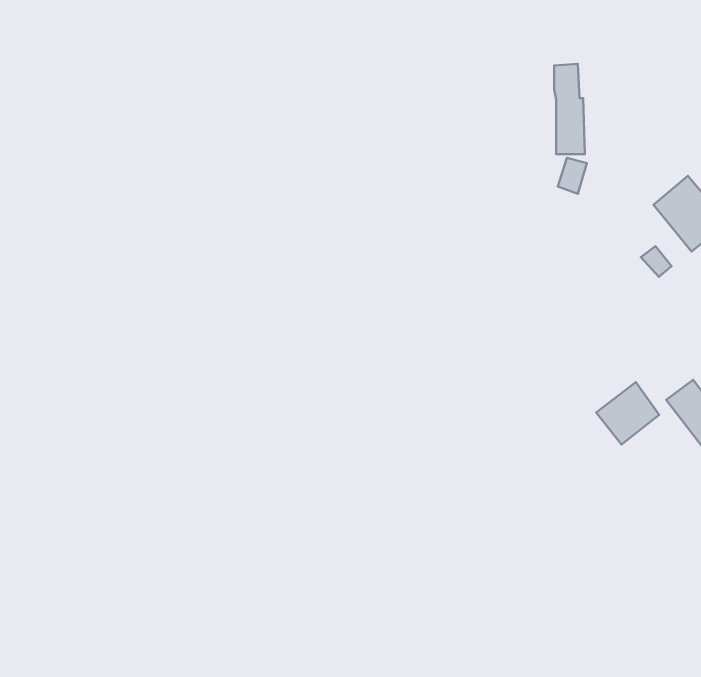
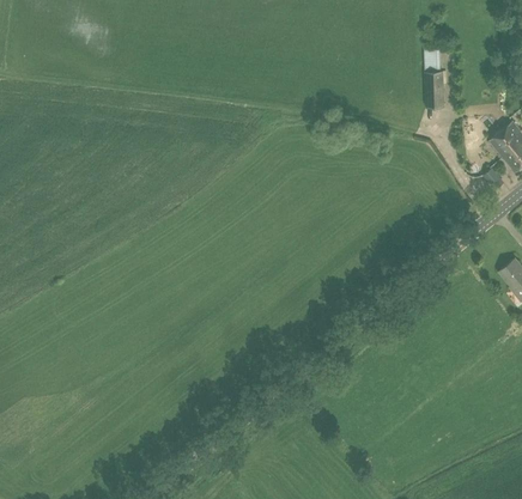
building: [596,382,659,444] -> none

